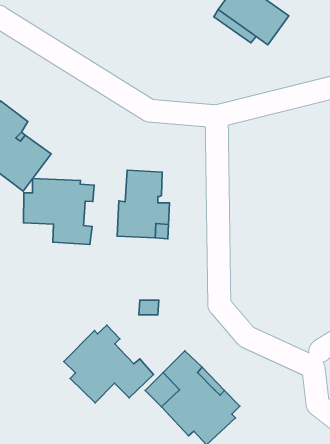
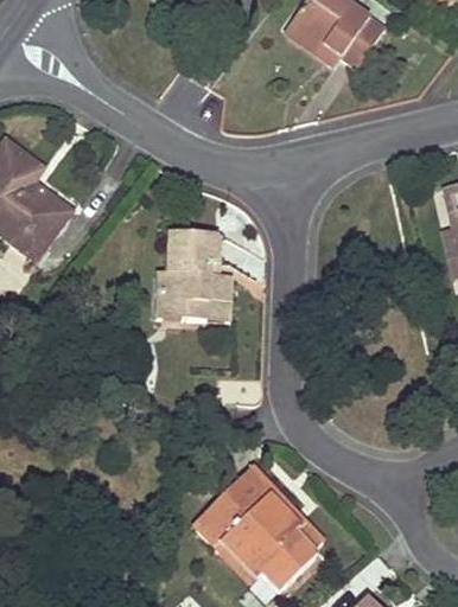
building: [23,179,94,244] -> none
building: [64,325,154,403] -> none

